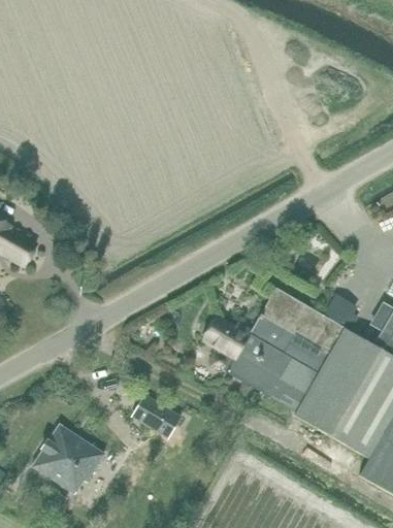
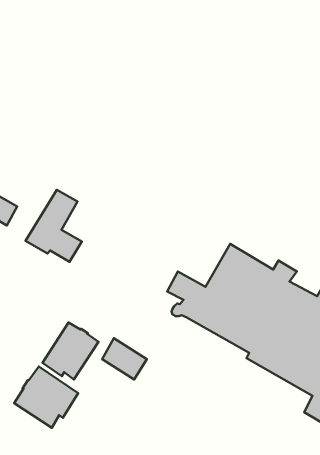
building: none -> [25,190,82,262]
building: none -> [43,323,99,380]

